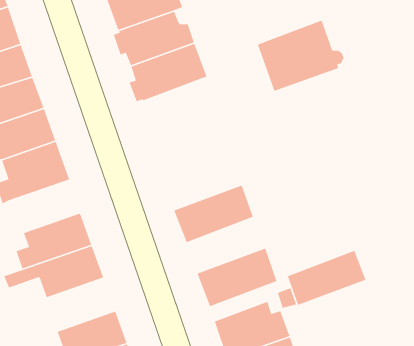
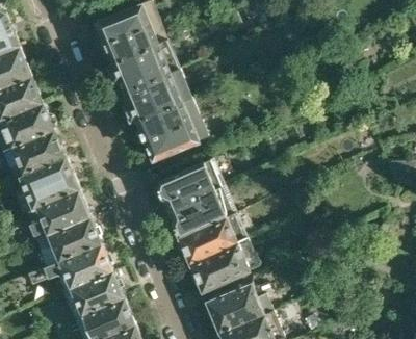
building: [257,20,345,92] -> [137,96,212,159]
building: none -> [159,158,226,210]
building: none -> [29,189,90,236]
building: [287,250,367,306] -> [181,212,249,262]
building: none -> [64,270,125,318]

